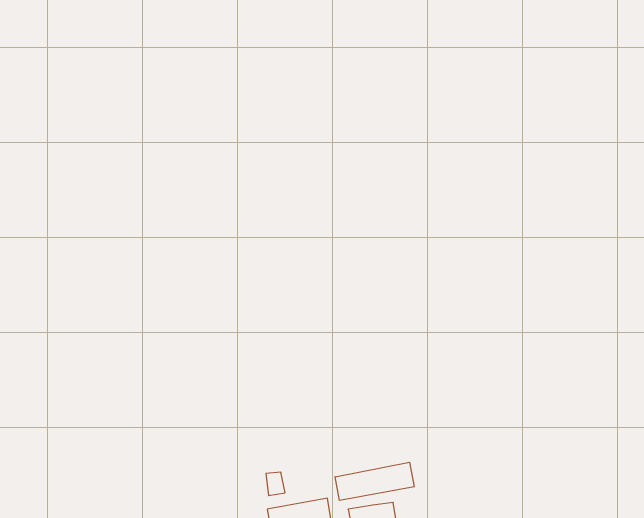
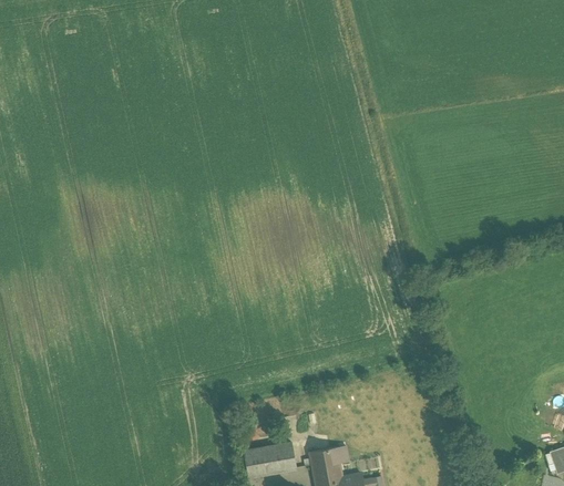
building: [335,462,414,500] -> none

